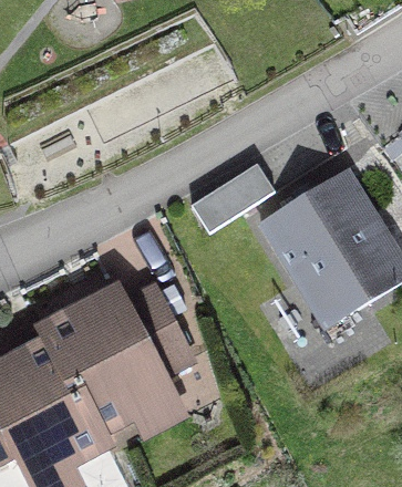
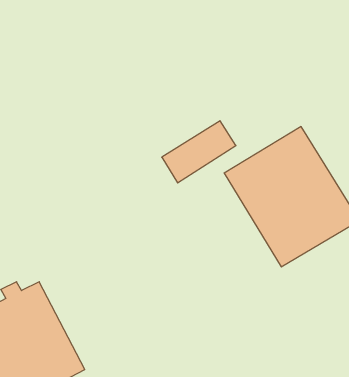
building: [45,290,190,431] -> none

